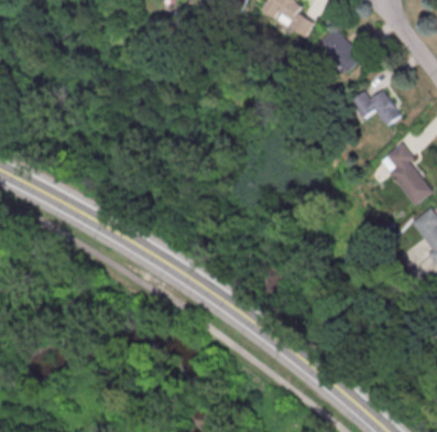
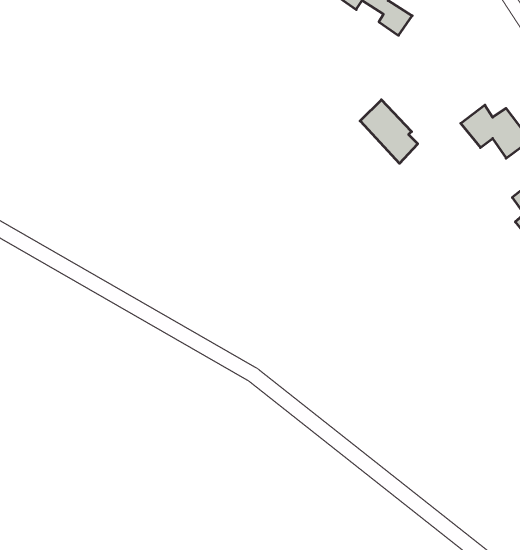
building: [319,28,361,74] -> [360,100,418,163]

